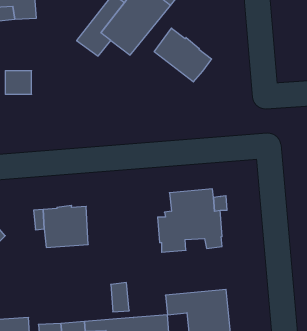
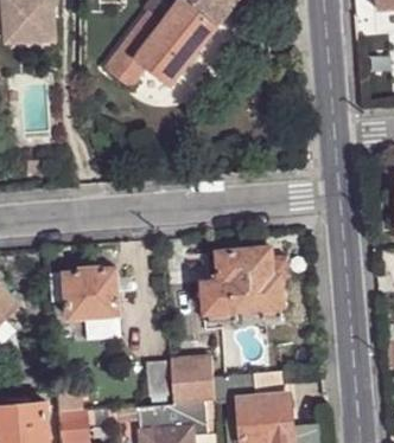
building: [154,28,212,82] -> none
building: none -> [170,358,215,404]

